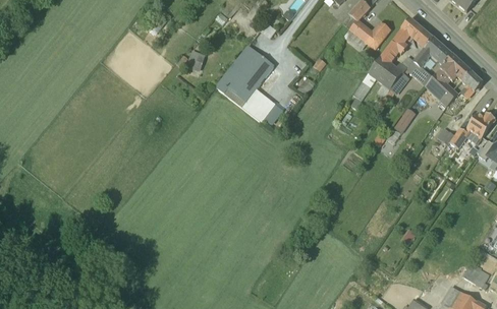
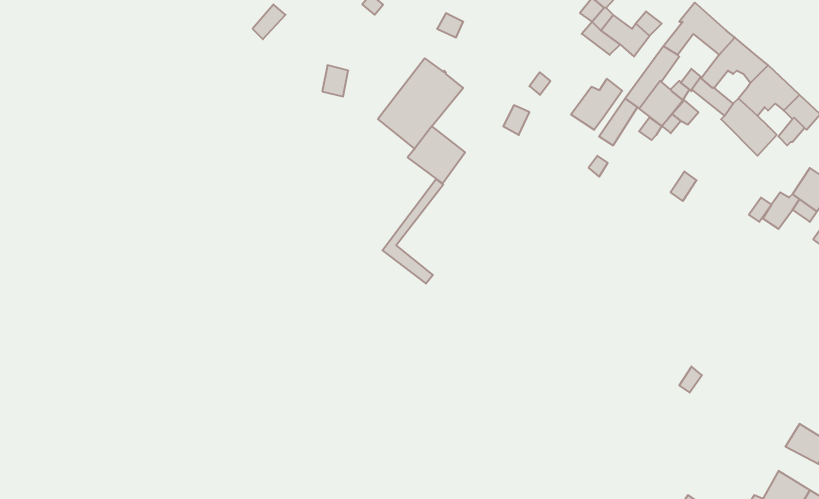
building: [216,46,252,107] -> [382,179,443,284]
building: none -> [571,79,622,130]

